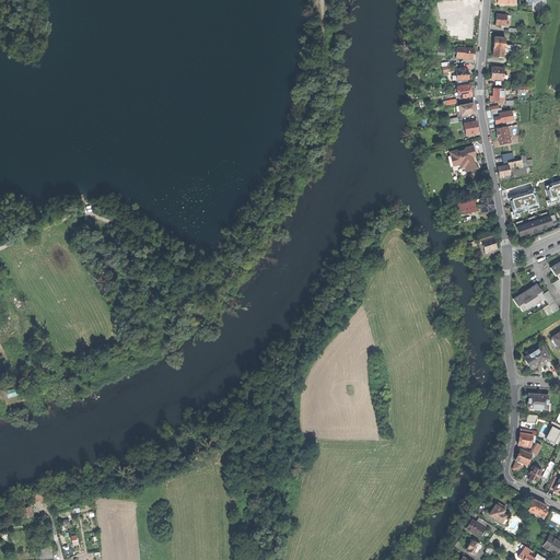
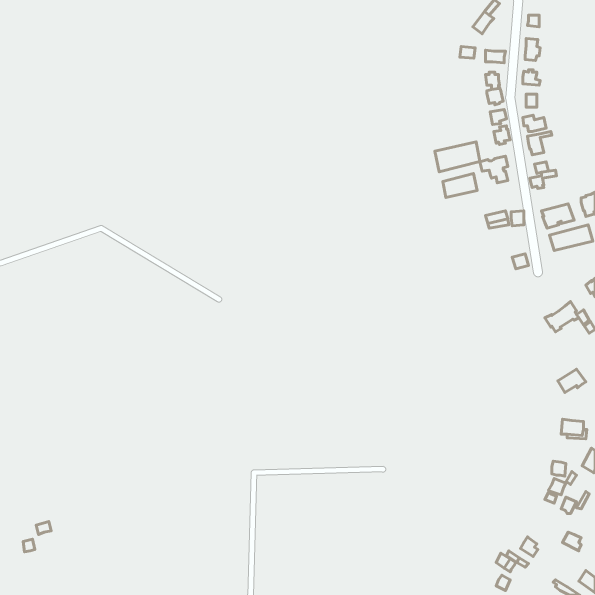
building: none -> [435,142,480,172]
building: none -> [443,174,477,197]

